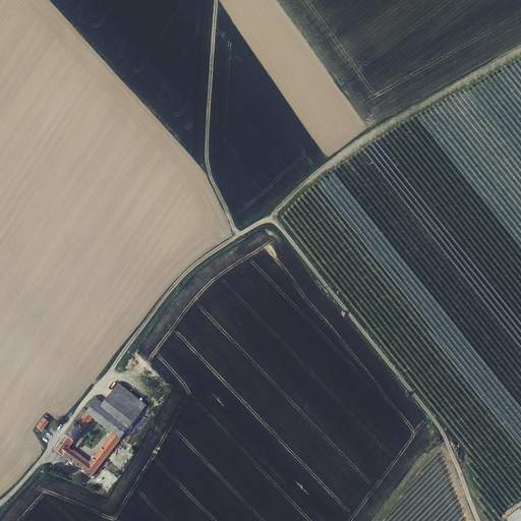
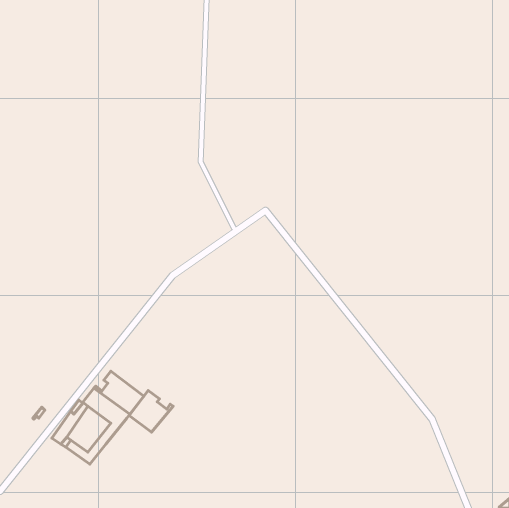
building: none -> [129,390,173,432]

